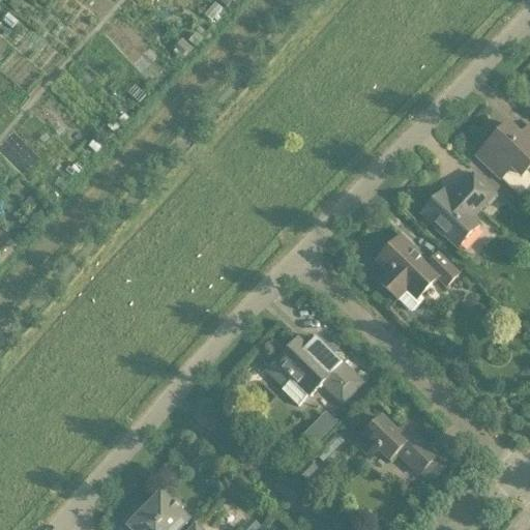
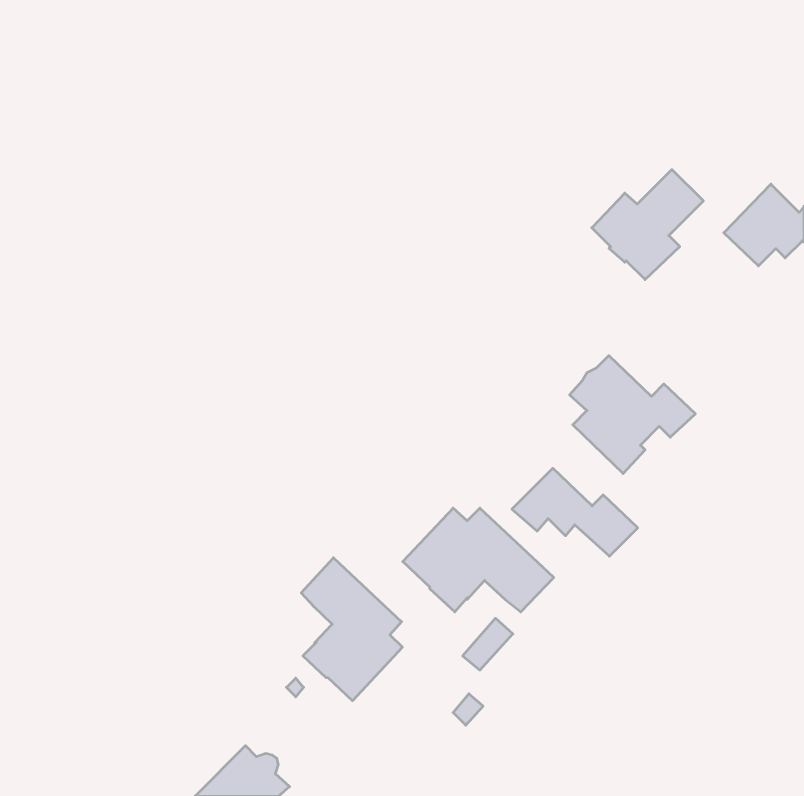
building: [421,173,495,245] -> [592,170,703,280]
building: none -> [301,558,402,701]
building: [353,416,436,474] -> [512,468,638,556]

